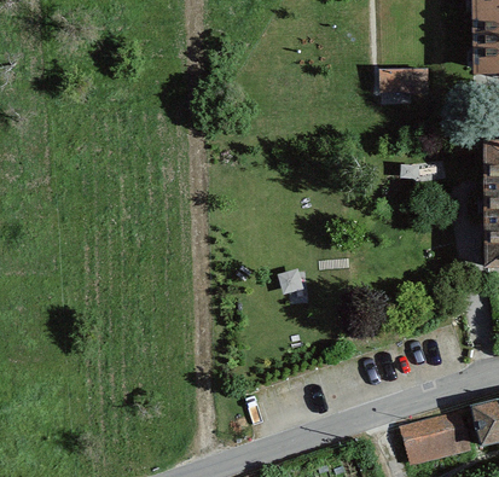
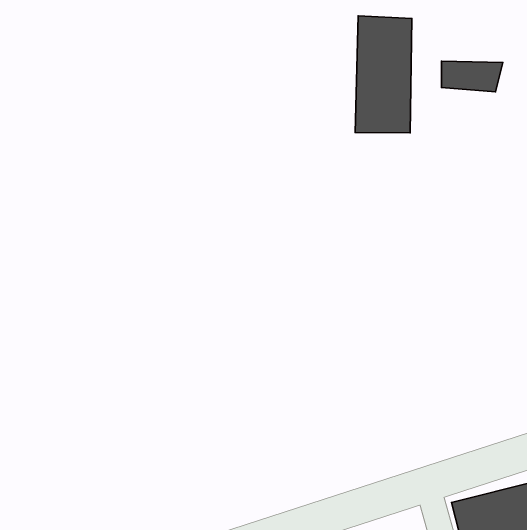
building: none -> [355,16,412,133]

